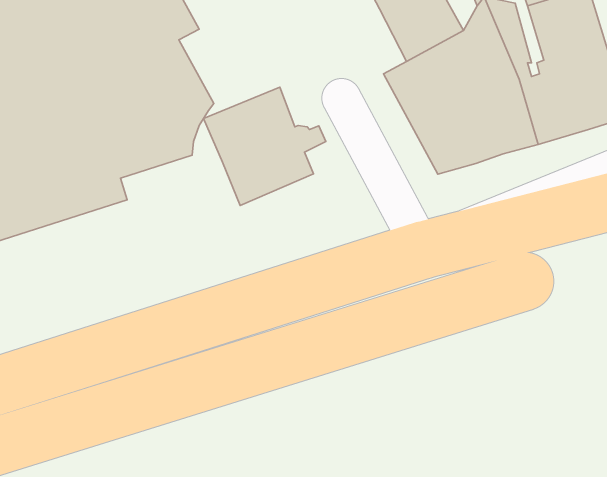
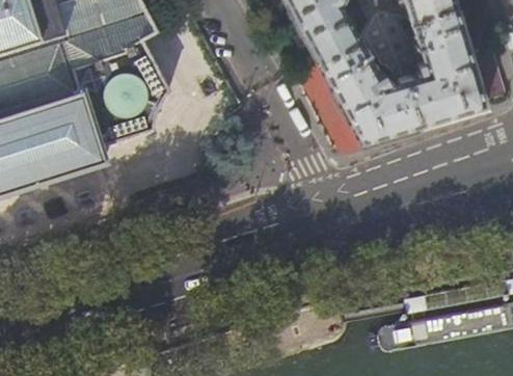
building: [203,87,326,205] -> none

